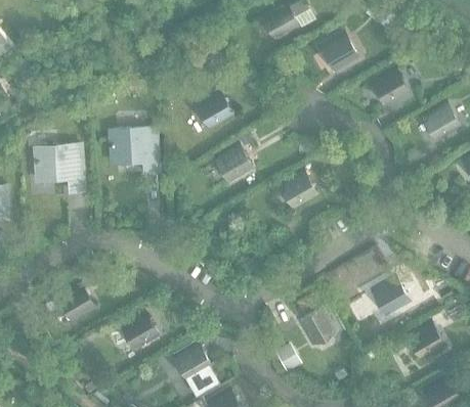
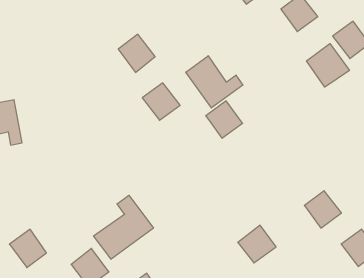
building: none -> [186,56,243,108]
building: none -> [306,44,349,87]
building: [109,127,158,174] -> none
building: none -> [94,195,153,259]

